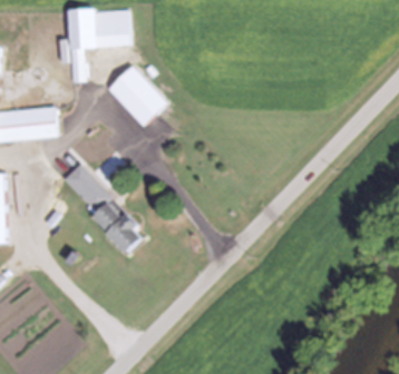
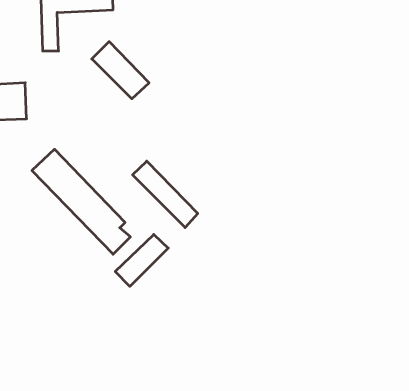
building: none -> [133,161,198,228]
building: none -> [115,234,168,286]

